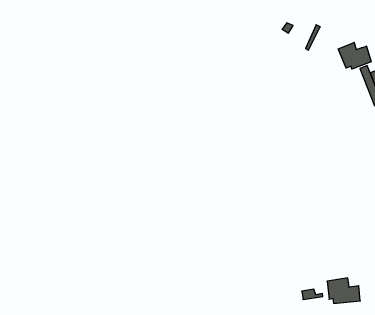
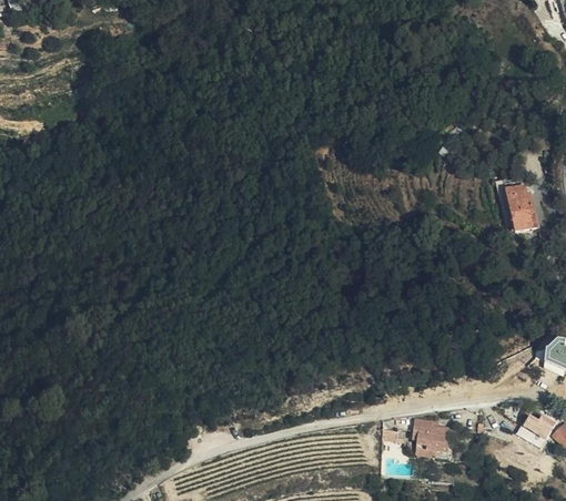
building: [338,42,371,69] -> none

